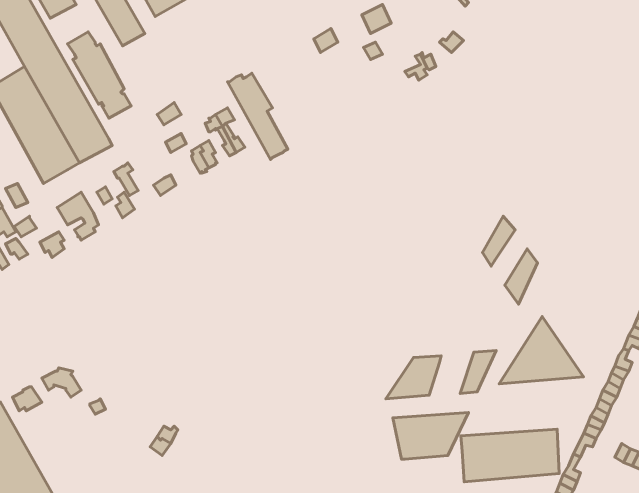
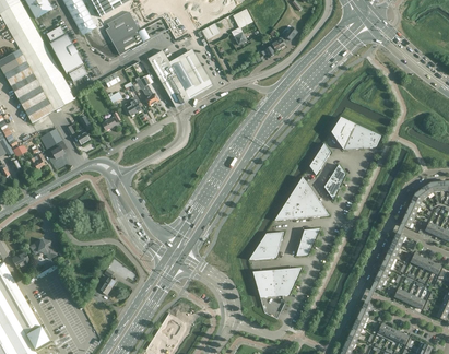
building: none -> [105,11,143,55]
building: none -> [168,47,213,101]
building: none -> [330,117,380,150]
building: [499,317,584,384] -> [274,177,328,220]
building: [461,429,559,482] -> none

